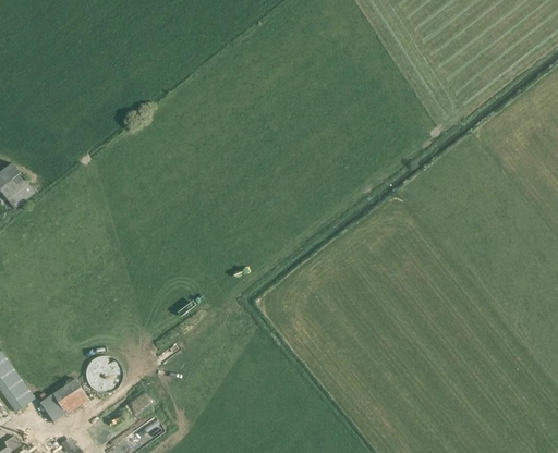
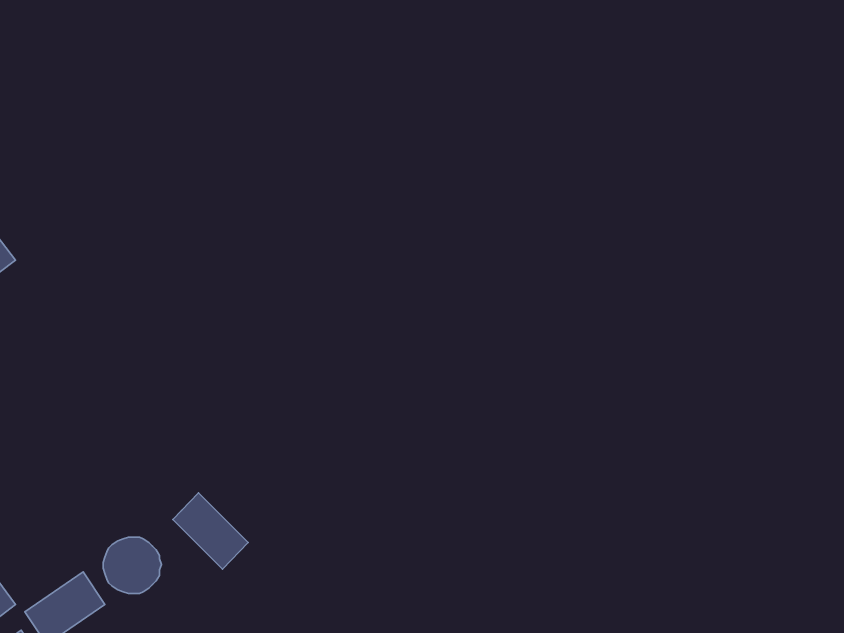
building: none -> [173,493,248,569]

